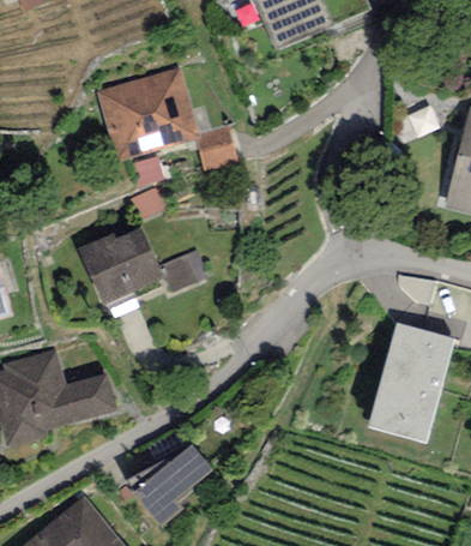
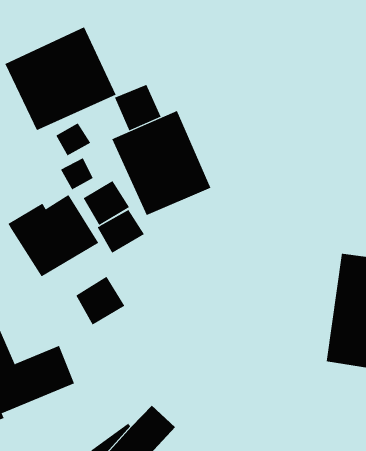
building: none -> [112,110,211,216]
building: none -> [83,180,130,226]
building: none -> [76,276,125,326]

